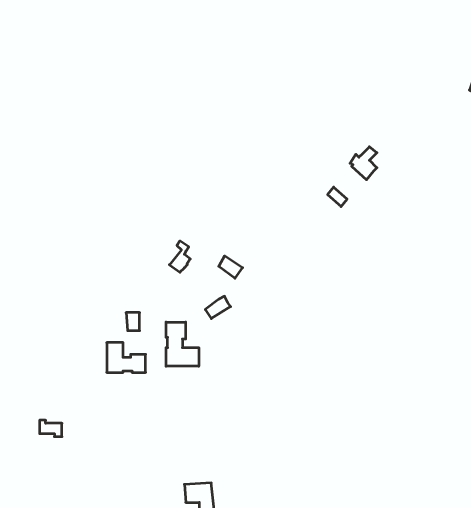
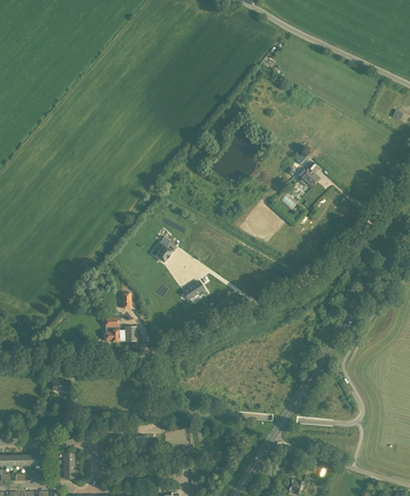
building: [166,322,199,366] -> none

